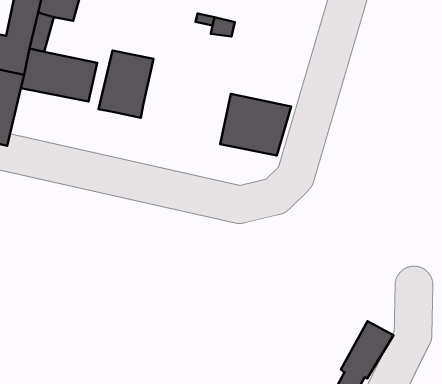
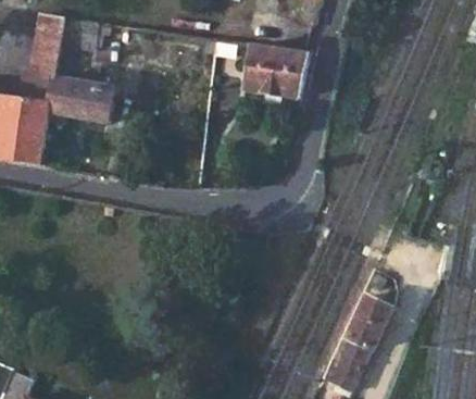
building: [99,51,153,118] -> none
building: [220,94,291,156] -> [246,43,306,96]

